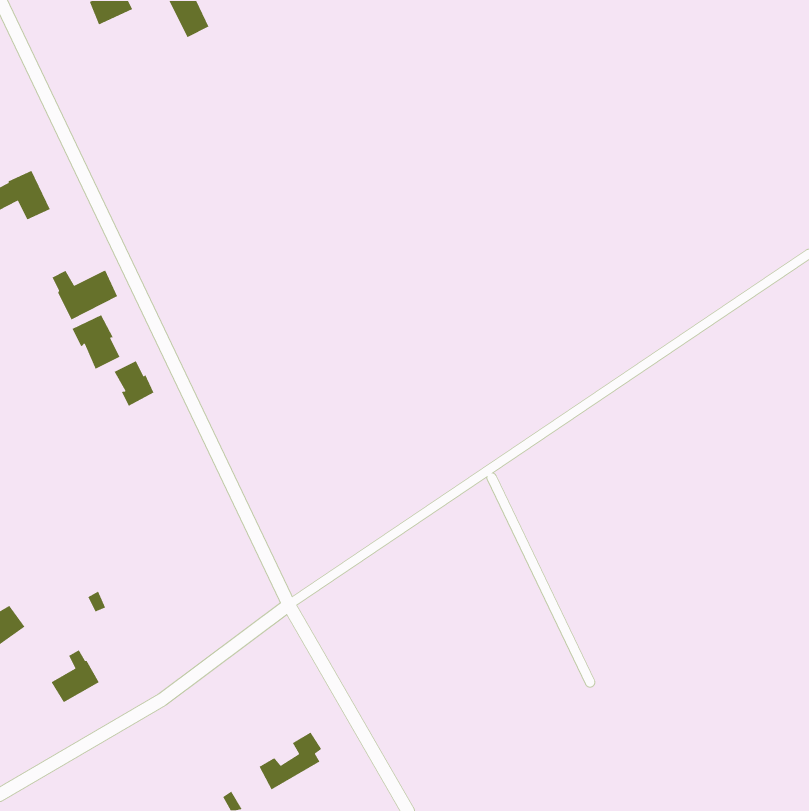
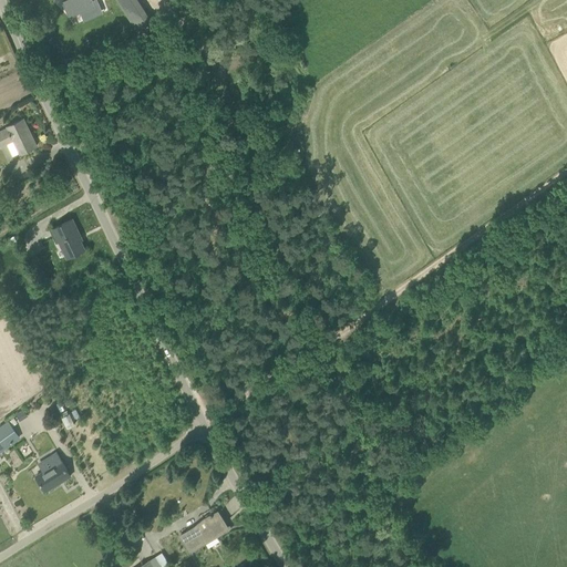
building: [51,270,118,320] -> none
building: [114,360,155,407] -> none

